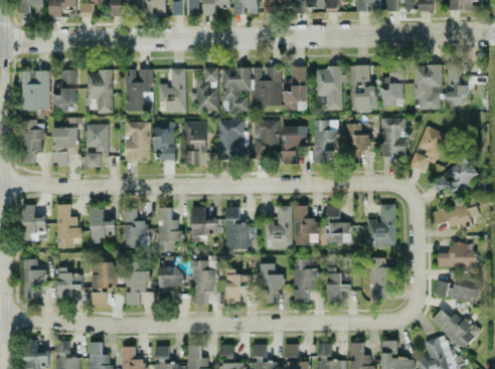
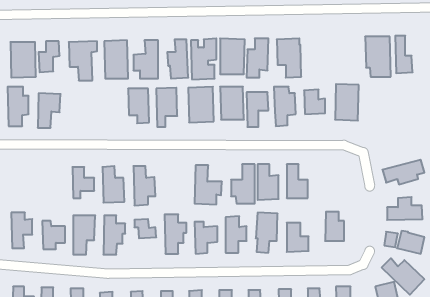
building: [381,62,404,103] -> none
building: [354,64,376,111] -> none
building: [125,121,150,160] -> none
building: [86,124,109,167] -> none
building: [409,126,446,170] -> none
building: [433,156,479,194] -> none
building: [367,203,396,246] -> none
building: [21,204,46,241] -> none
building: [56,204,81,247] -> none
building: [191,206,216,237] -> none

